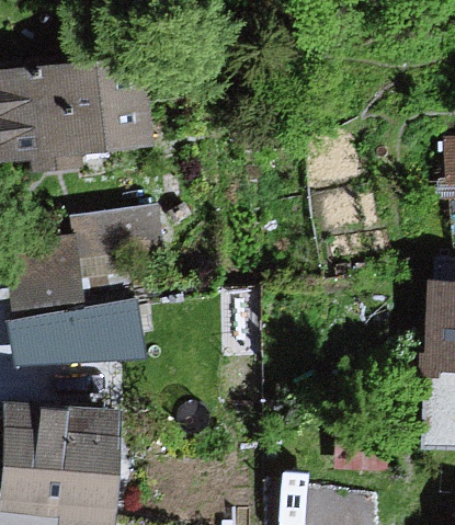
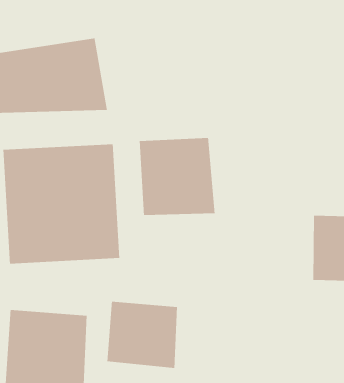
building: none -> [139,137,216,216]
building: none -> [106,301,178,369]

